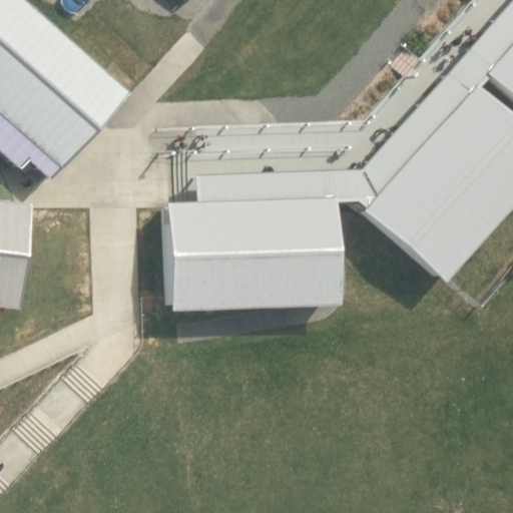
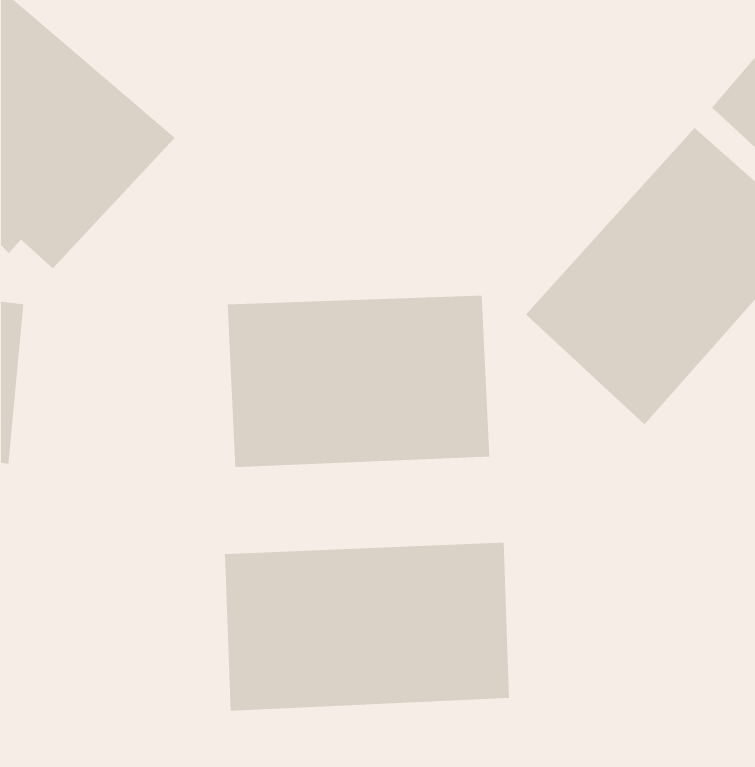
building: none -> [225,542,510,711]

